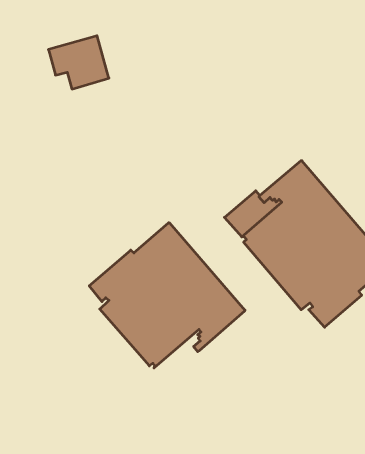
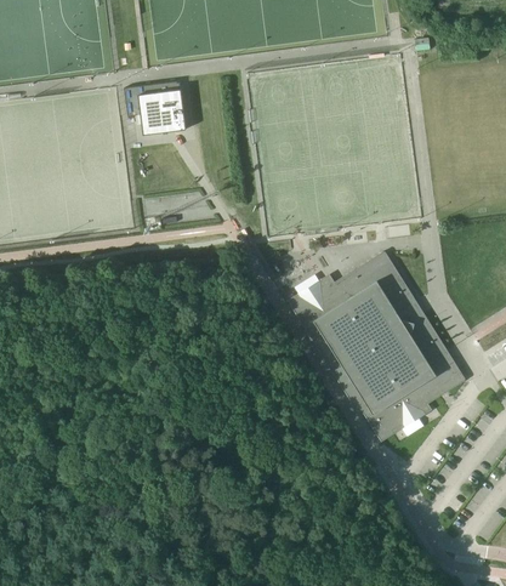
building: [89,223,245,368] -> none

